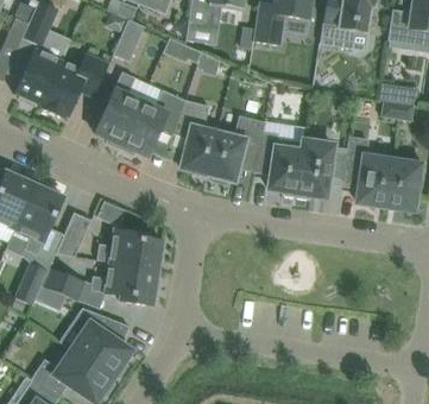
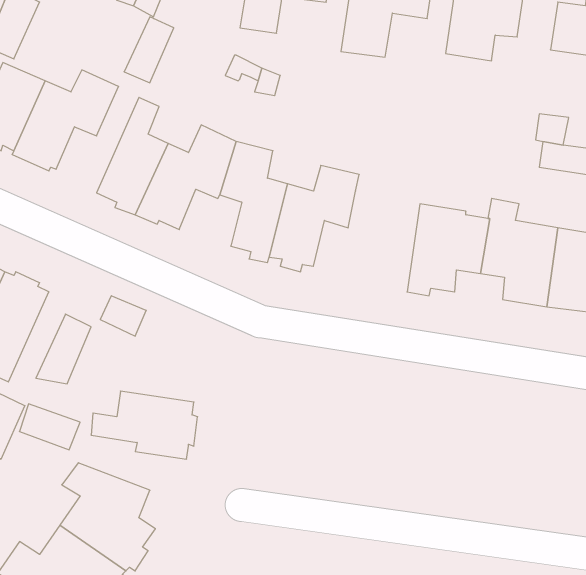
building: [254,120,304,196] -> none
building: [97,228,163,267] -> none

